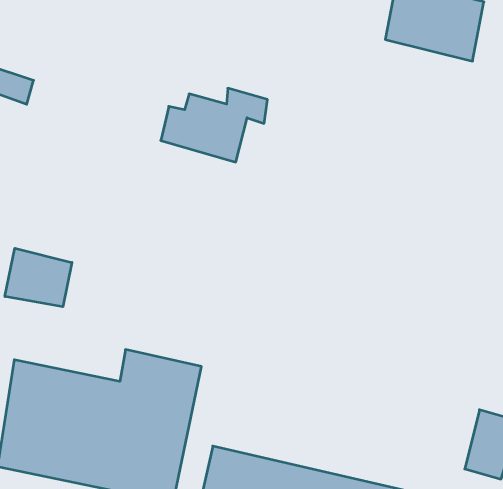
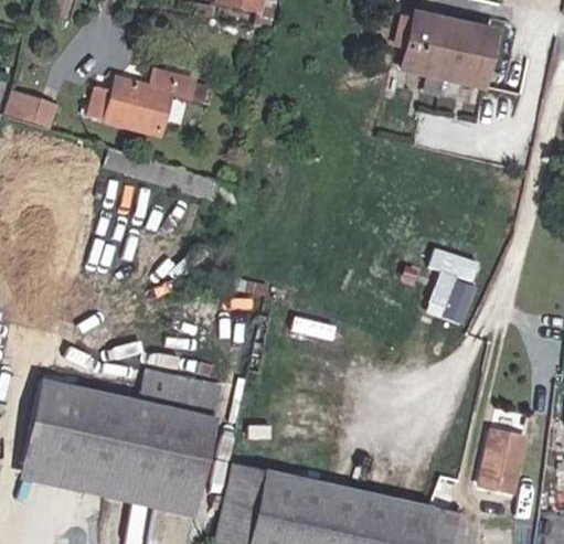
building: [161,88,267,162] -> [88,67,192,139]
building: none -> [423,246,480,320]
building: [5,248,72,307] -> none

